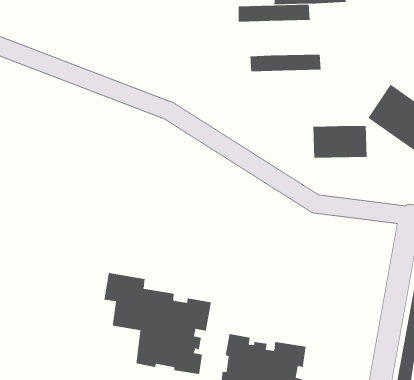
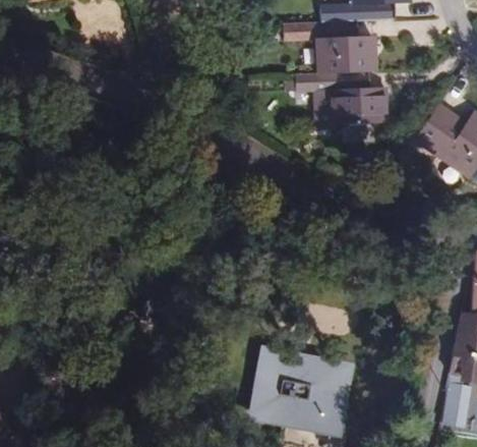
building: none -> [316,36,373,72]
building: [313,125,368,158] -> [330,88,385,121]
building: [104,272,211,375] -> none

